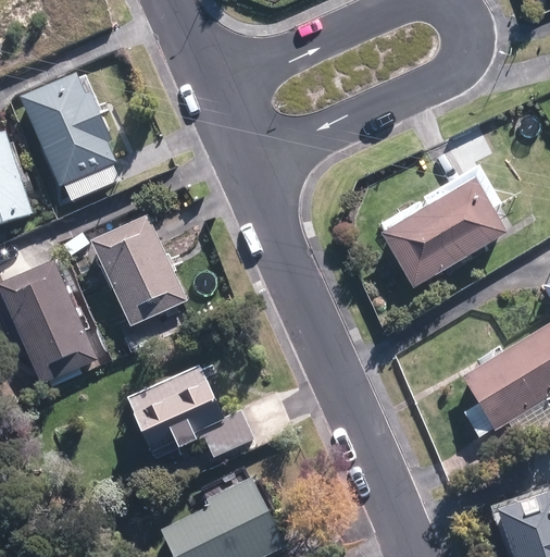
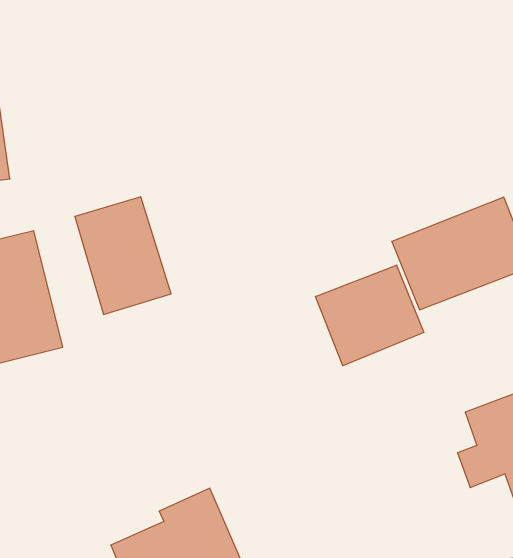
building: [23,73,126,202] -> none
building: none -> [315,265,424,366]
building: [128,366,260,462] -> none

